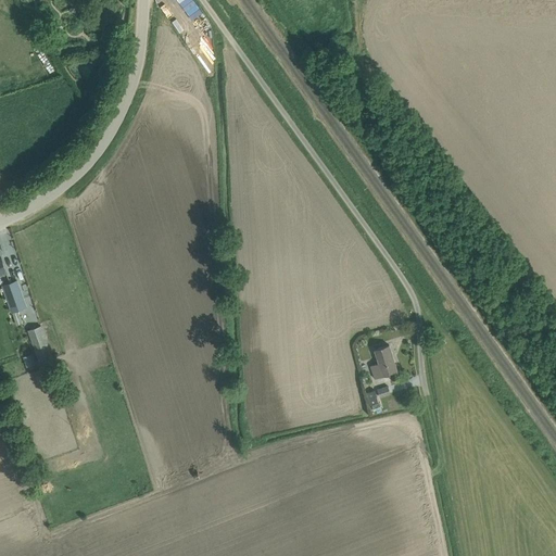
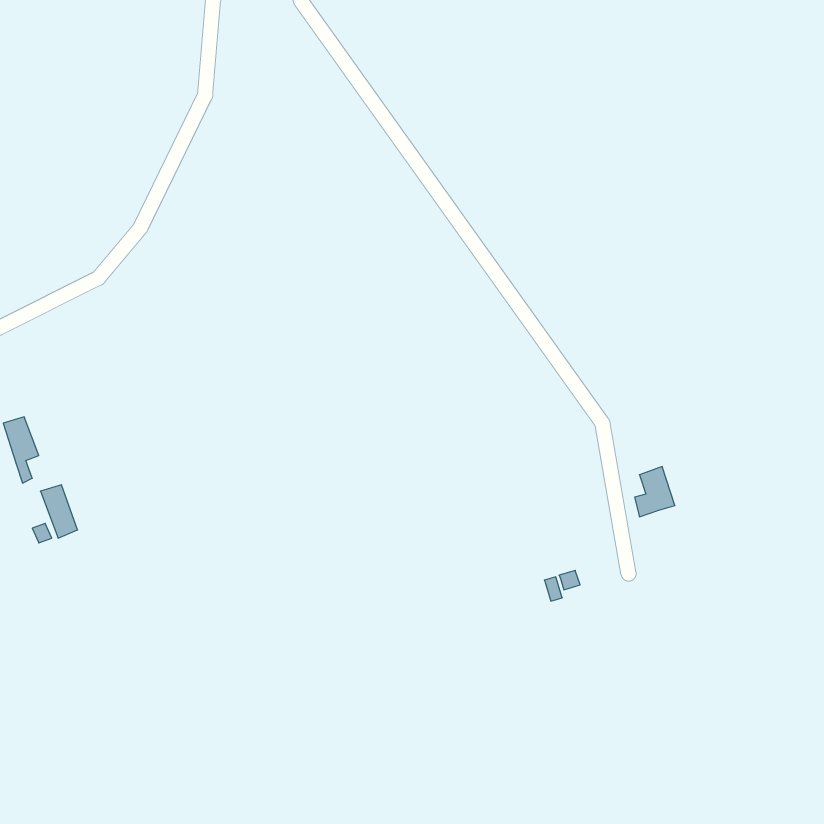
building: [370,345,397,379] -> [635,467,675,517]

